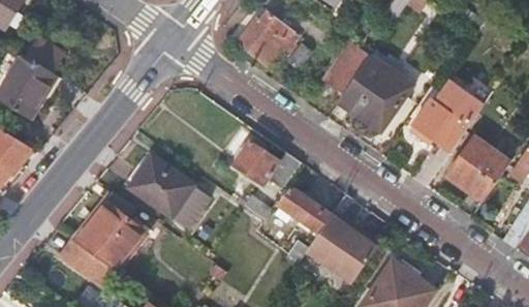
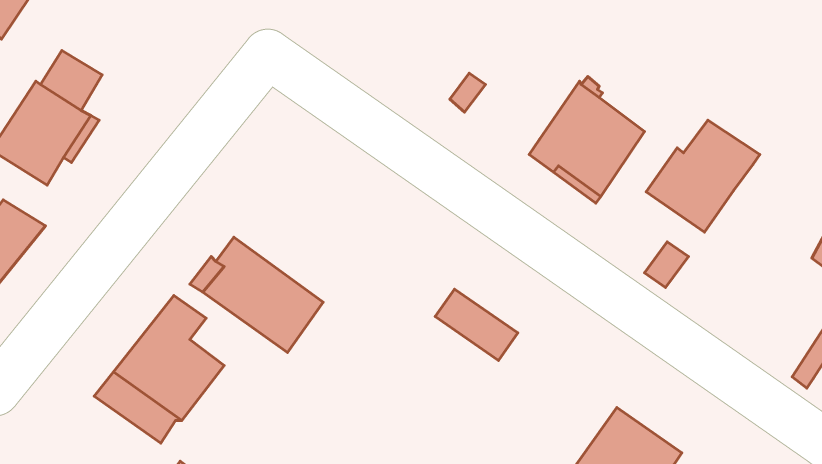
building: [239,12,299,67] -> none
building: [324,41,370,92] -> none
building: [446,137,508,202] -> none
building: [237,141,299,187] -> none
building: [305,215,376,283] -> none

